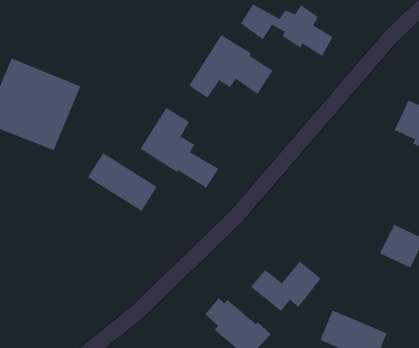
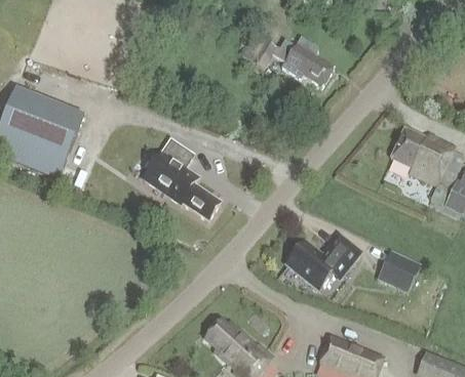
building: [188,34,273,99] -> none
building: [87,152,157,212] -> none
building: [250,261,321,312] -> [290,235,360,285]

